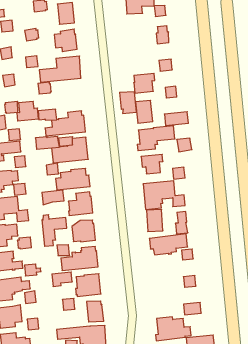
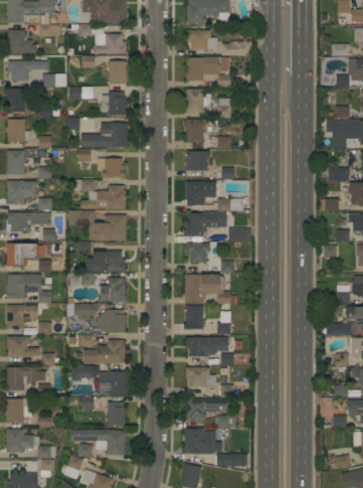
building: none -> [186,89,211,113]
building: [120,92,137,113] -> [186,119,203,143]
building: [17,101,39,121] -> [102,158,126,178]
building: none -> [185,367,215,387]
building: none -> [186,398,228,427]

